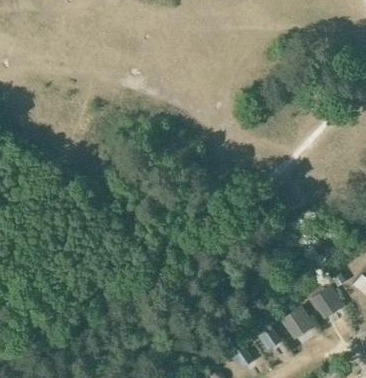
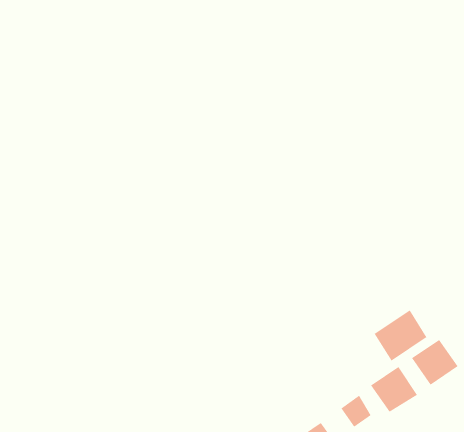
building: none -> [374,309,427,362]

